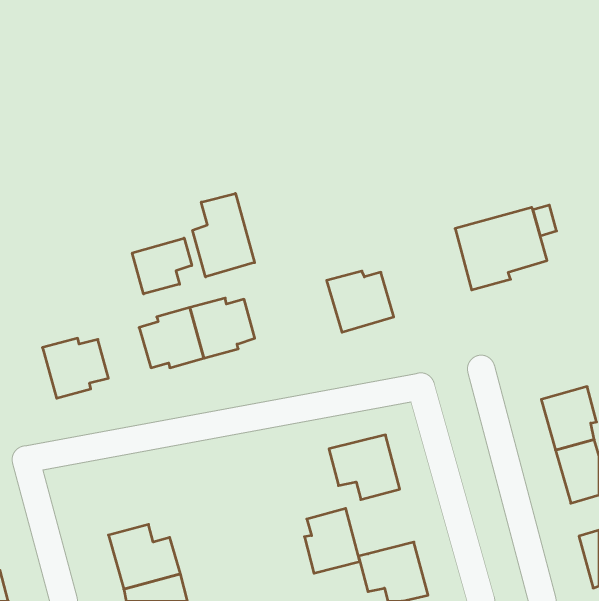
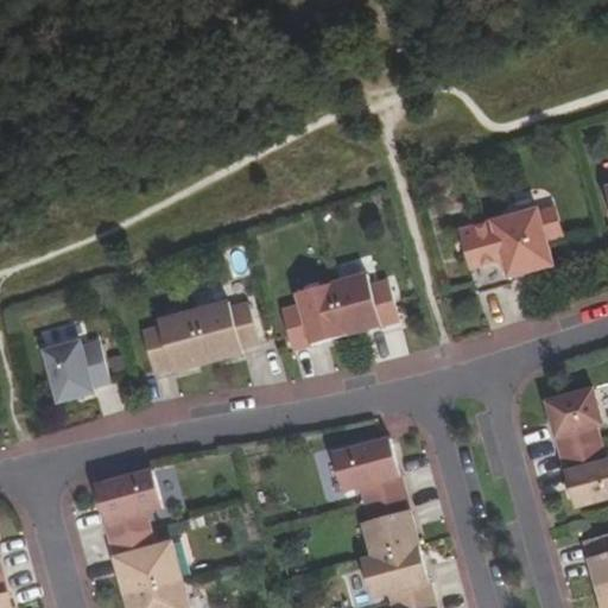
building: [193,193,255,277] -> none
building: [132,238,192,294] -> none
building: none -> [280,283,344,350]
building: none -> [93,469,162,539]
building: [304,508,360,573] -> [361,493,417,558]

